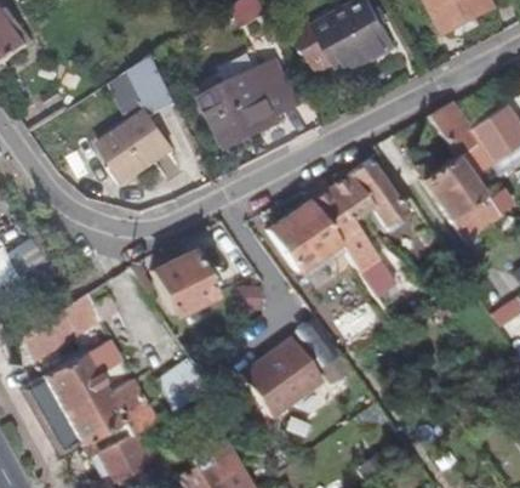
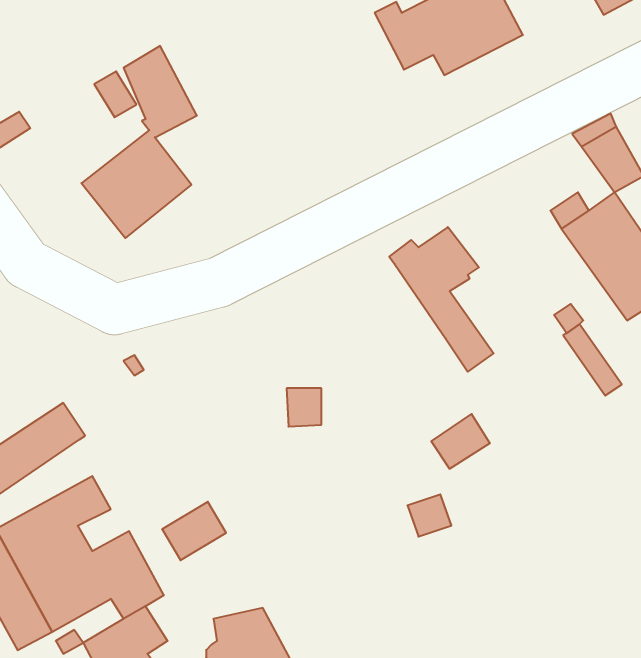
building: [207,61,302,146] -> none
building: [344,158,404,226] -> none
building: [268,199,343,278] -> none
building: [149,249,211,312] -> none
building: [235,336,318,415] -> none

